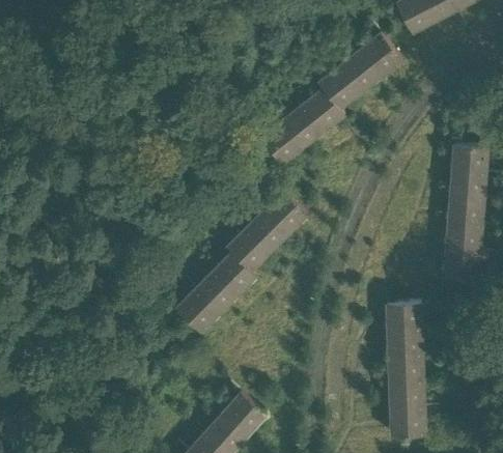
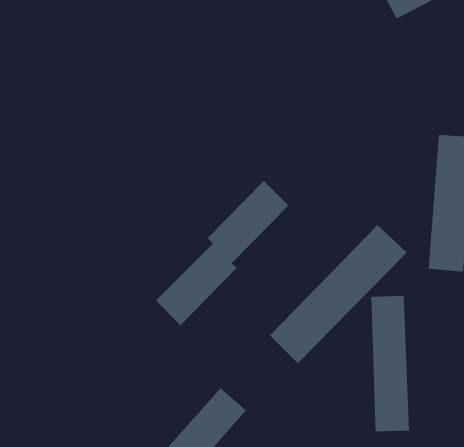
building: [261,33,401,164] -> none
building: none -> [269,224,408,364]

